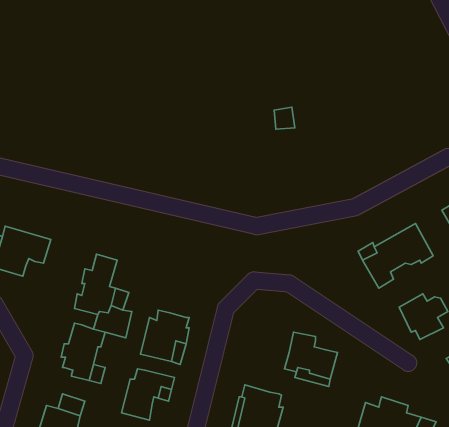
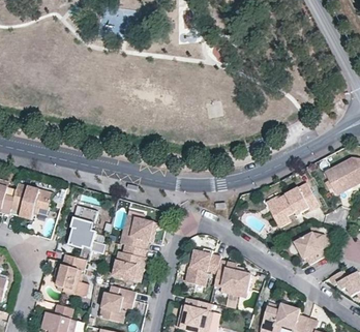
building: none -> [120,217,156,249]
building: none -> [186,250,221,286]

